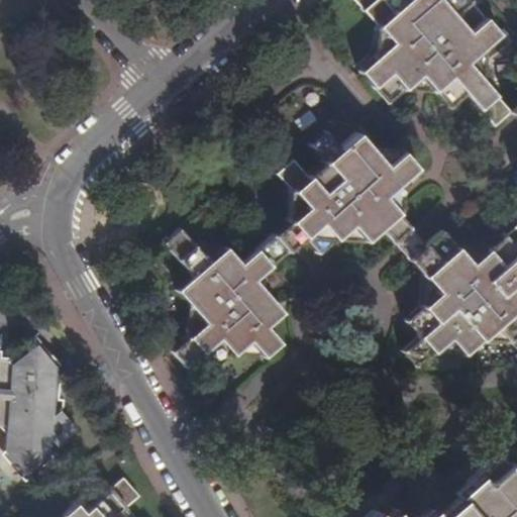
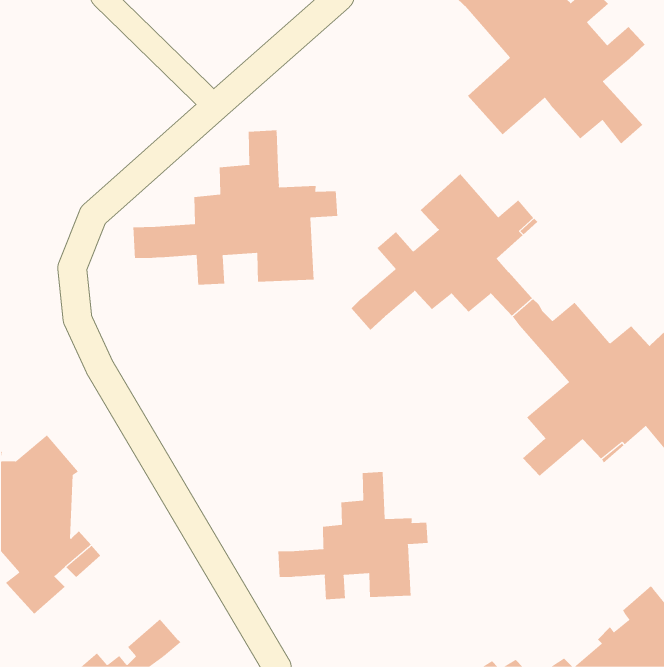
building: none -> [133,130,338,286]
building: [171,232,290,371] -> none
building: none -> [278,471,428,600]

